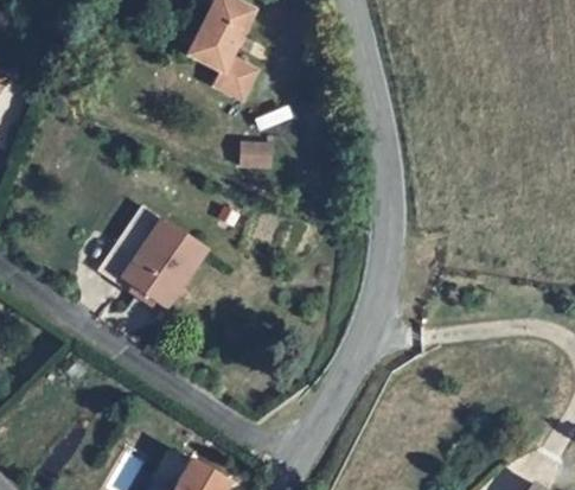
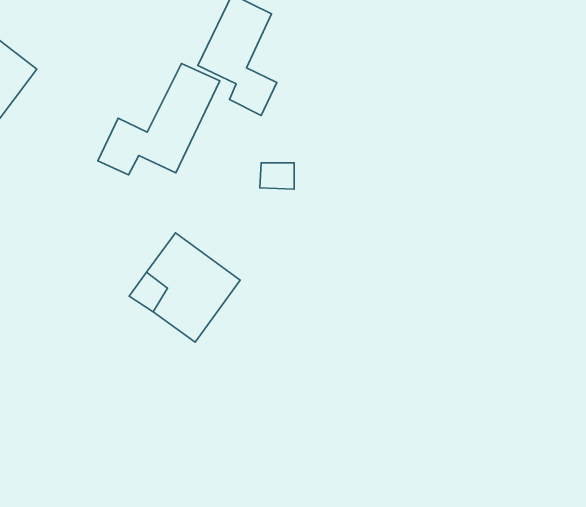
building: none -> [98,63,220,175]

